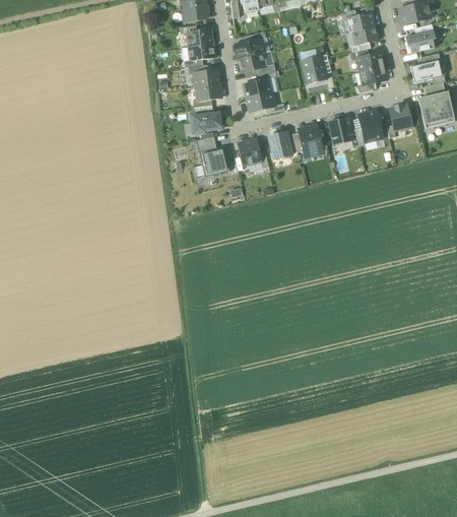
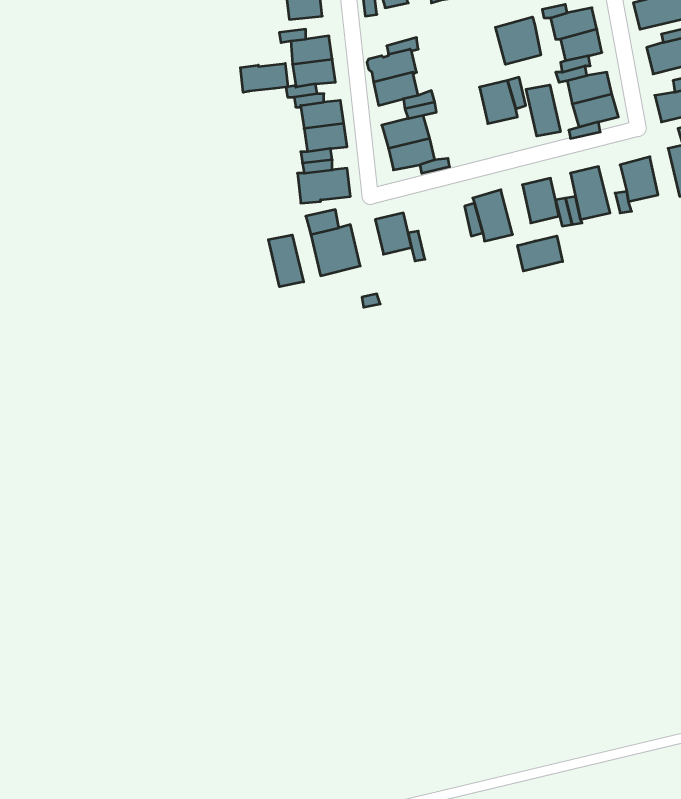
building: none -> [495,17,541,64]
building: none -> [240,63,288,92]
building: none -> [526,85,560,136]
building: [268,130,292,158] -> none
building: none -> [268,235,304,287]
building: none -> [518,236,563,271]

